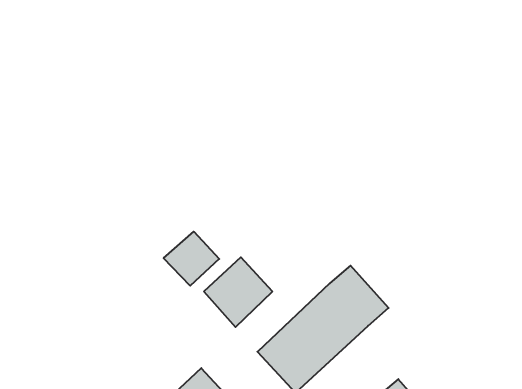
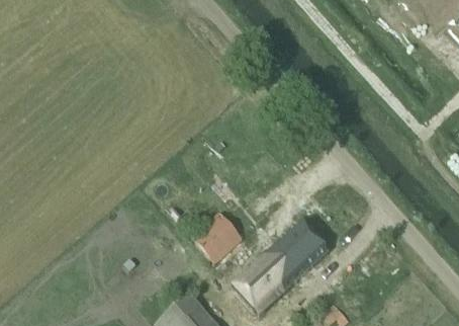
building: [164,232,219,286] -> none

